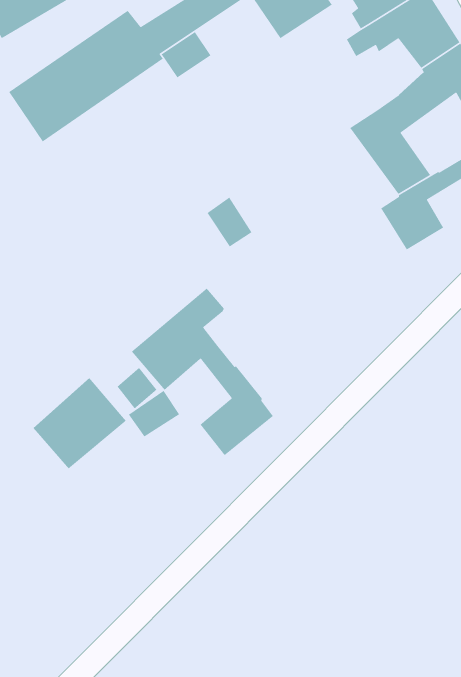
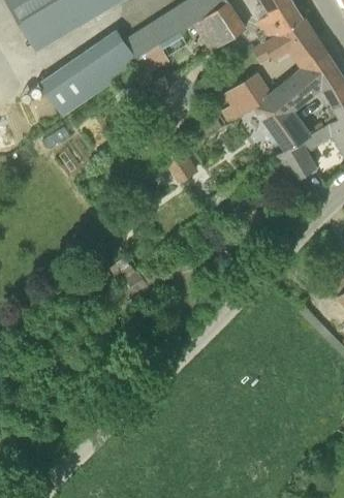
building: none -> [219,76,273,125]
building: [131,288,274,456] -> none
building: [32,377,127,470] -> none

